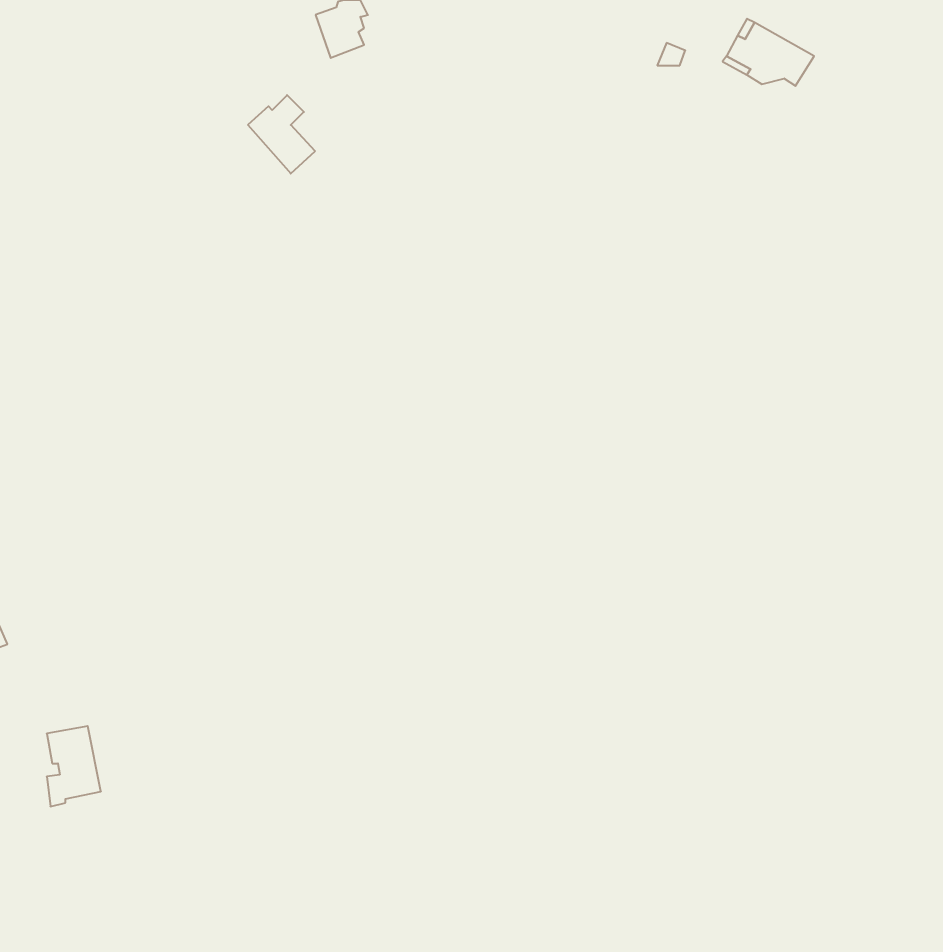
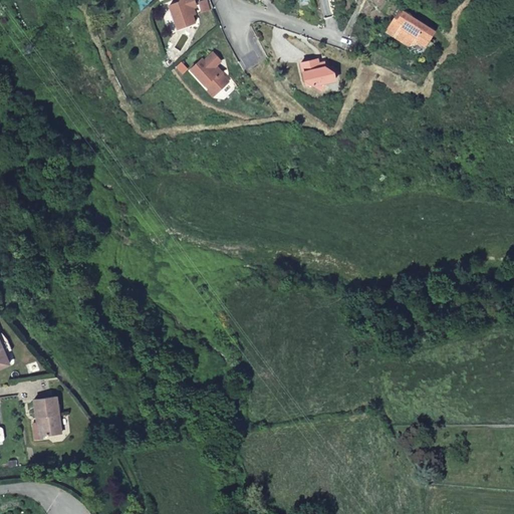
building: [248,95,315,174] -> [191,52,227,94]
building: none -> [302,60,336,87]

